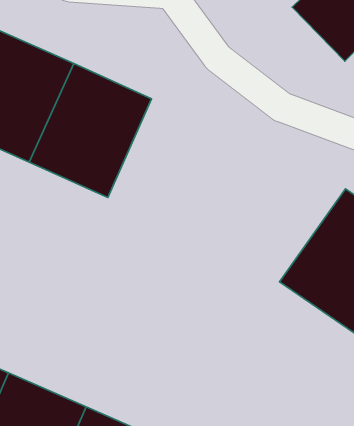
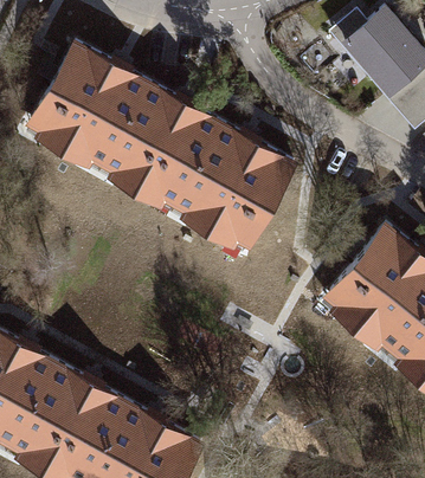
building: none -> [161,119,290,252]

